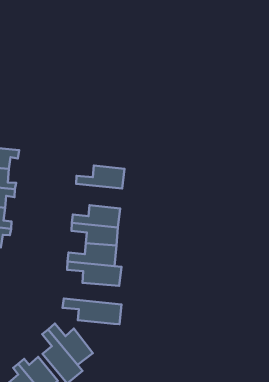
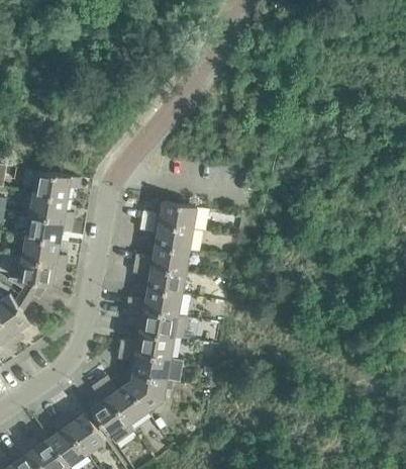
building: none -> [139,221,193,253]
building: none -> [118,334,186,361]
building: none -> [127,375,173,413]

